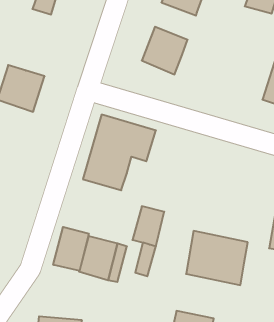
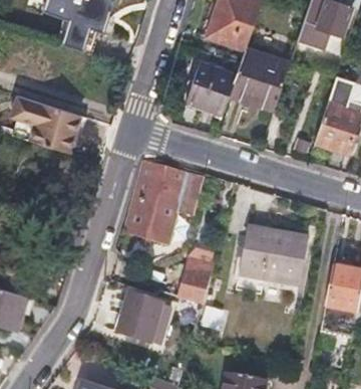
building: none -> [230,49,290,112]
building: [53,227,89,271] -> none
building: [186,231,248,285] -> [237,223,303,281]

